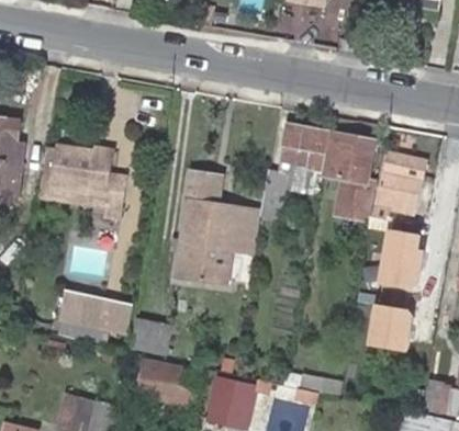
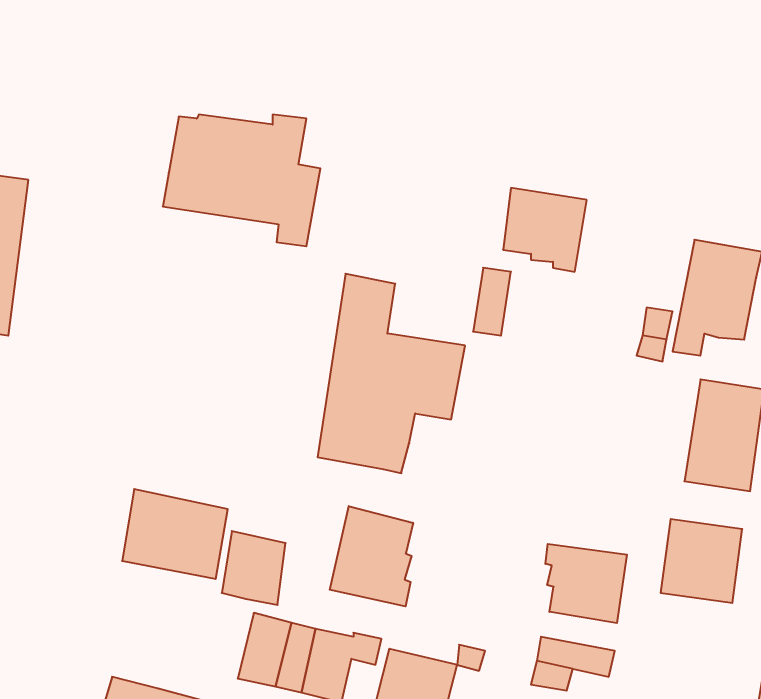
building: [321,132,373,181] -> none
building: [40,146,126,218] -> [163,115,320,246]
building: none -> [330,506,413,606]
building: none -> [545,544,627,623]

